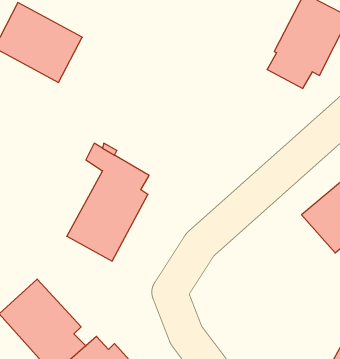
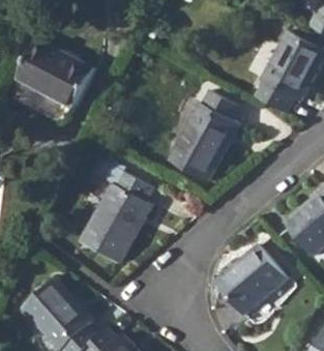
building: none -> [168,90,237,181]
building: none -> [213,243,286,315]

